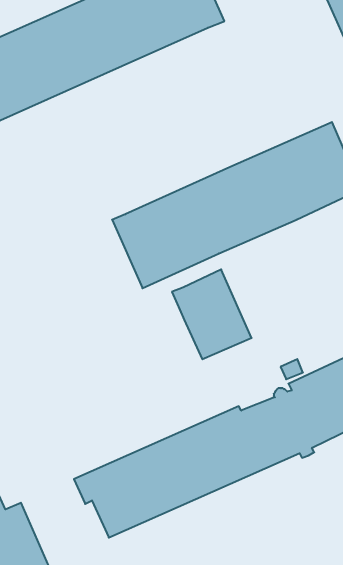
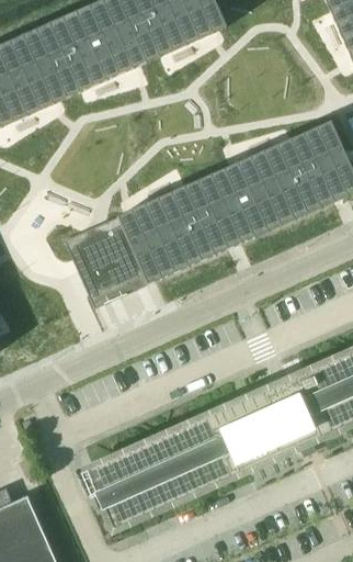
building: [172,269,252,359] -> [69,218,147,306]

